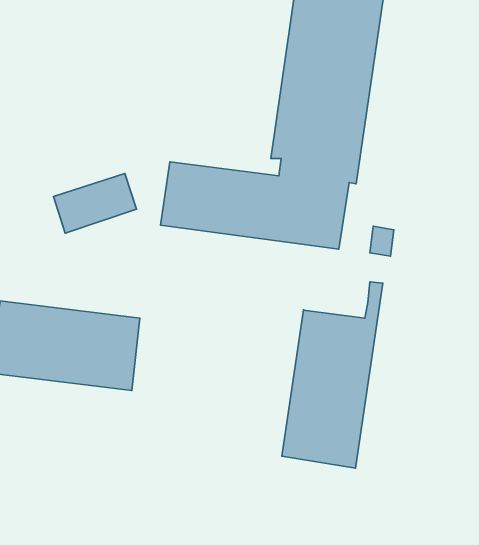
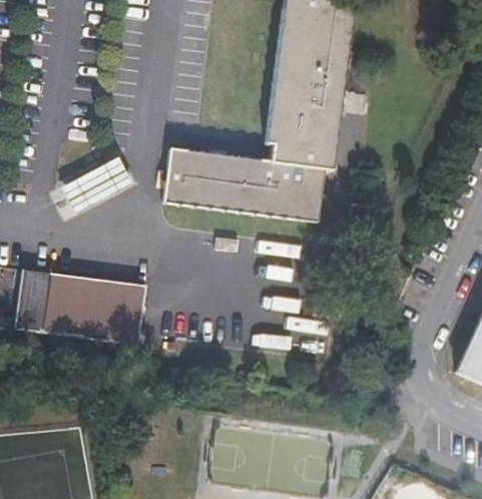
building: [282,282,383,468] -> none

